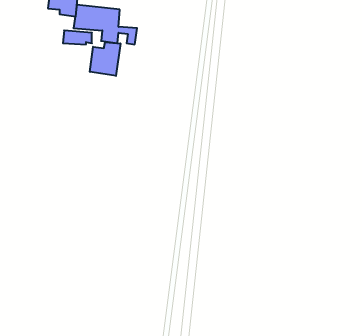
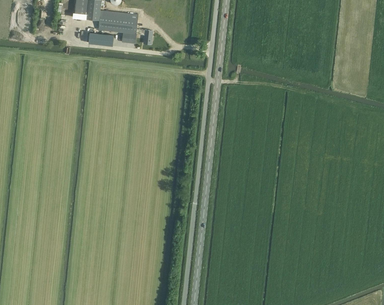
building: [90,42,120,76] -> none

